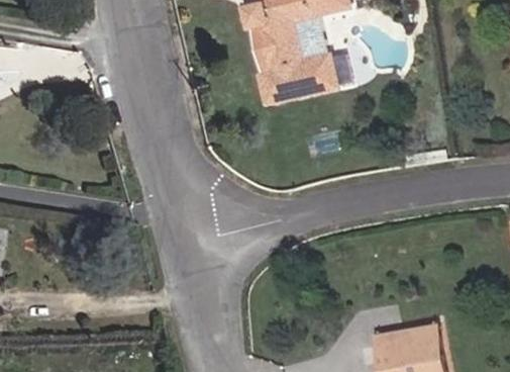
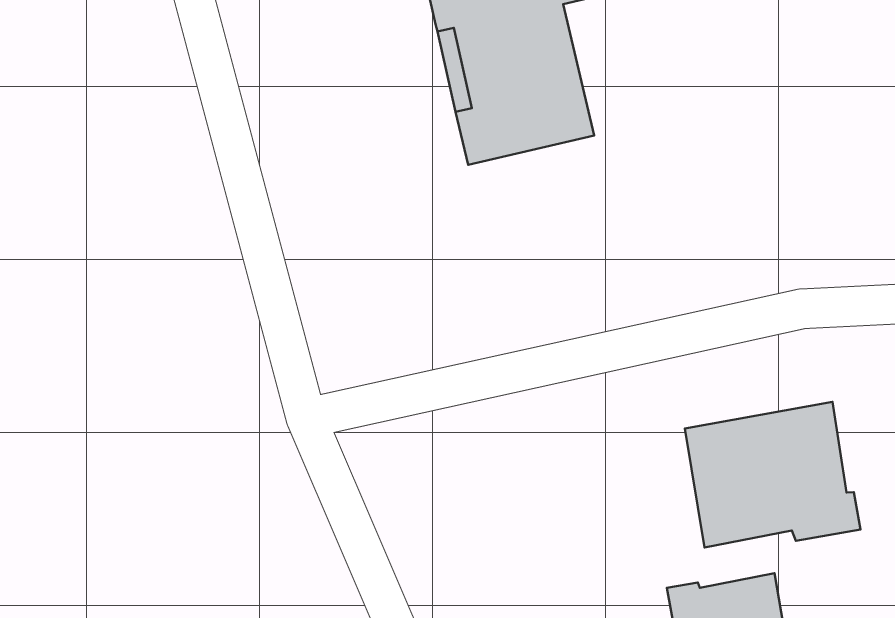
building: none -> [685,402,861,548]

